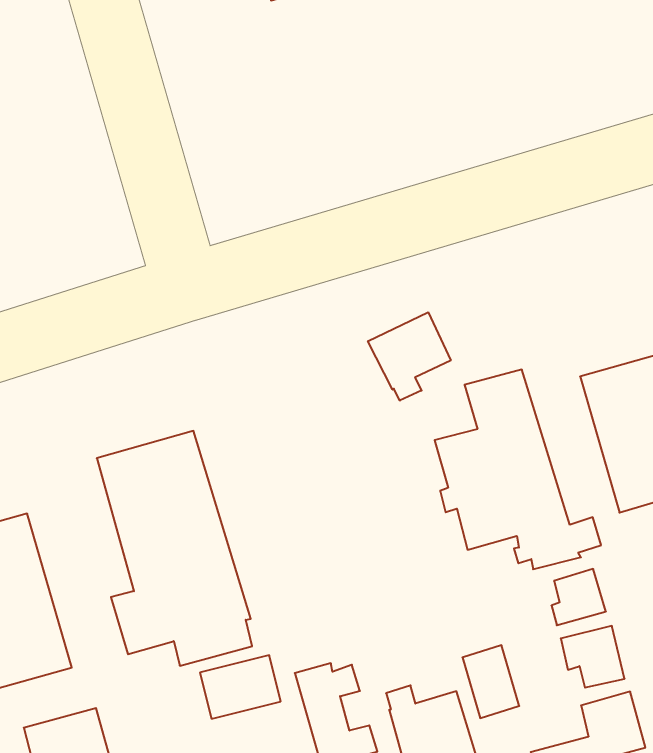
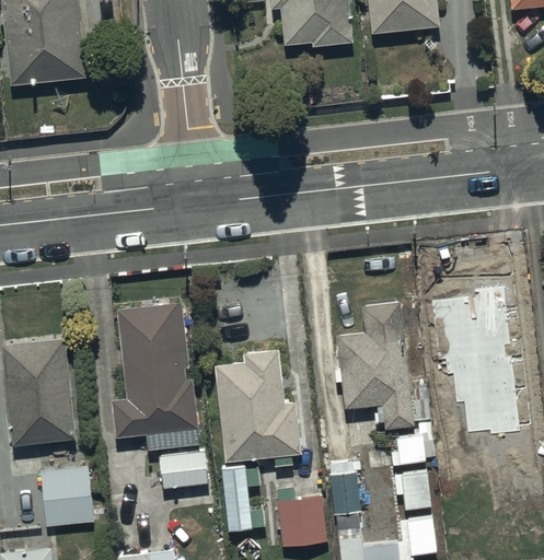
building: [368,312,451,401] -> none
building: none -> [215,350,300,468]

